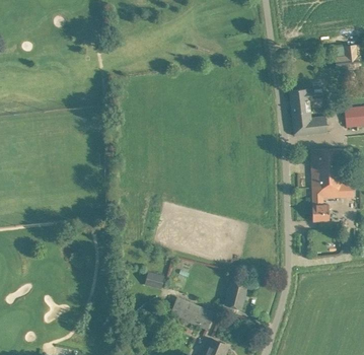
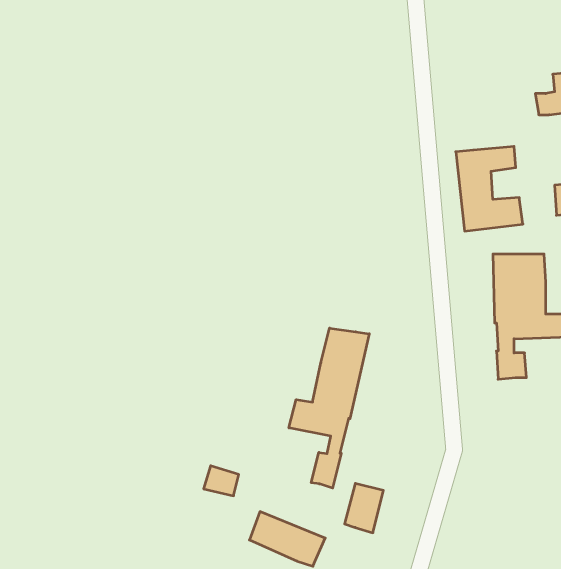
building: none -> [289,328,369,488]

